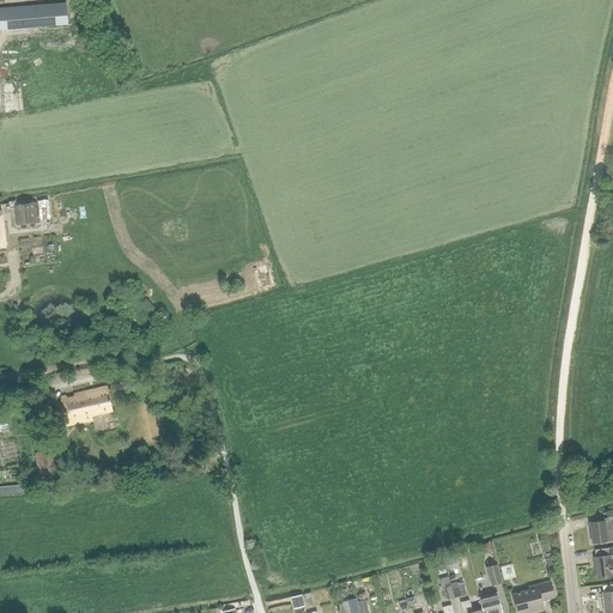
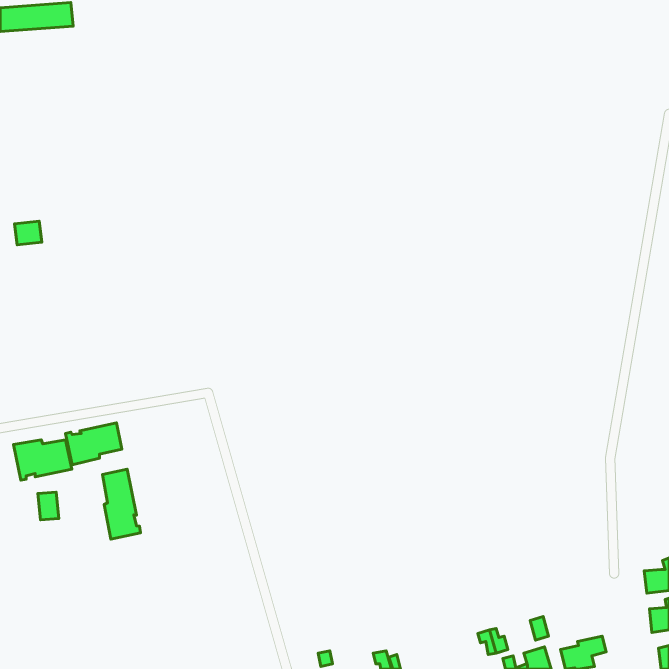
building: none -> [13,440,72,480]
building: none -> [102,469,141,539]

